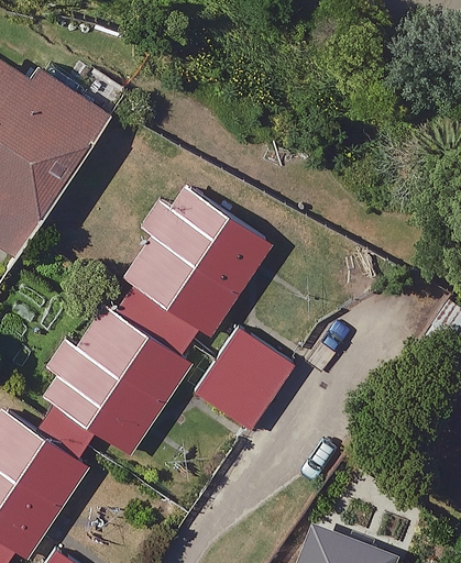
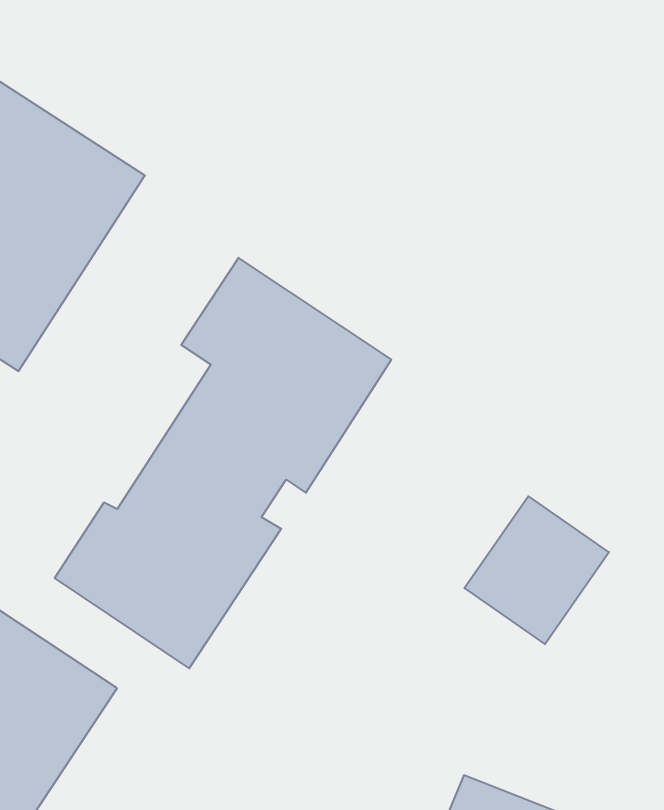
building: [195,330,292,429] -> [464,496,609,644]

